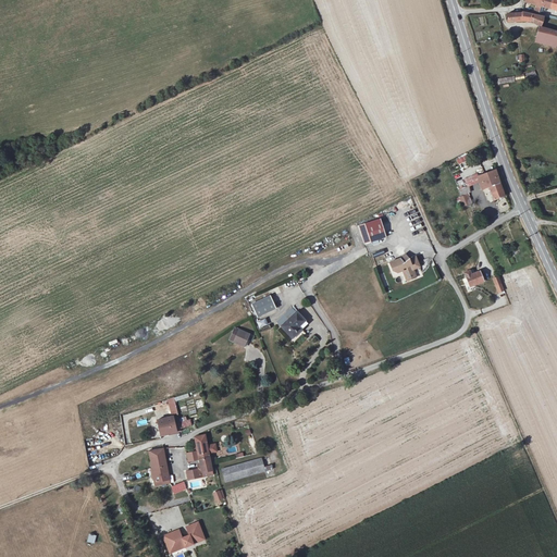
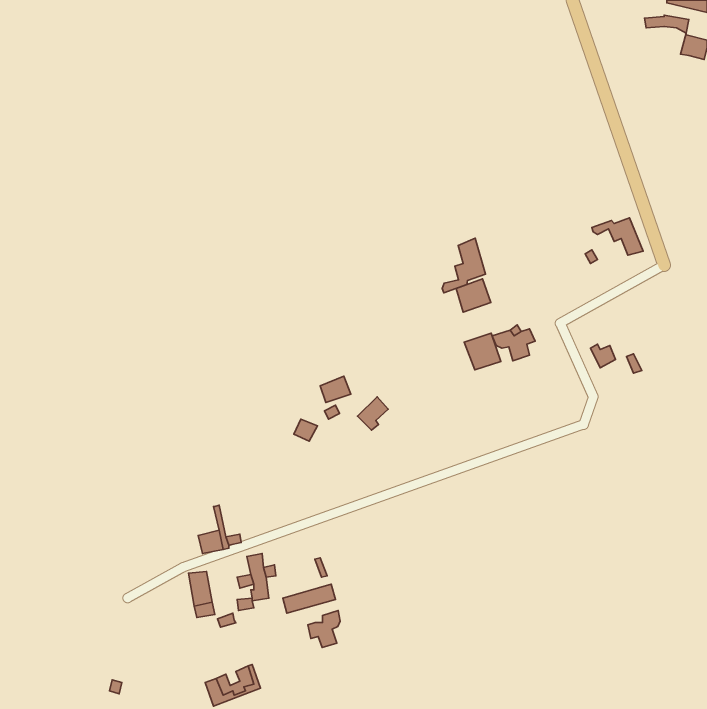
building: none -> [442,238,486,293]
building: none -> [464,333,501,370]
building: none -> [308,610,340,647]

